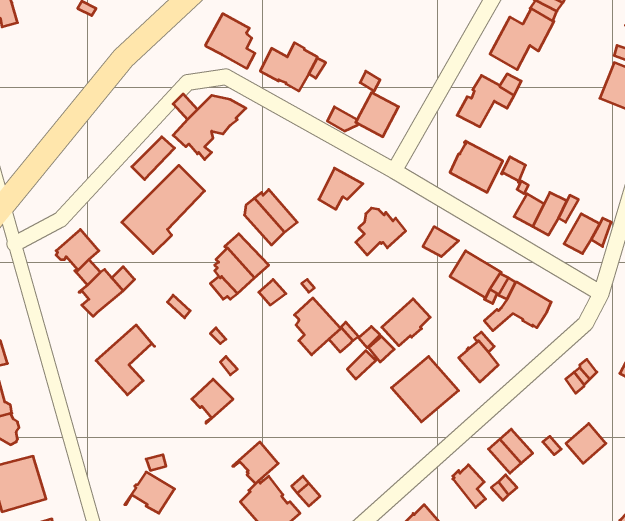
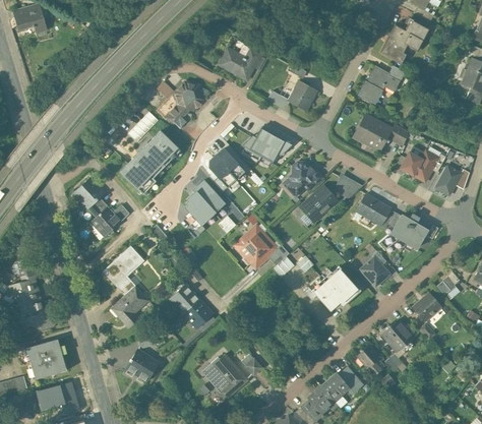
building: [206,14,255,68] -> none
building: none -> [241,128,272,156]
building: [382,299,430,346] -> [301,186,336,220]
building: none -> [110,285,146,322]
building: [566,423,606,463] -> [413,291,441,319]
building: [233,442,278,483] -> [180,298,213,327]

